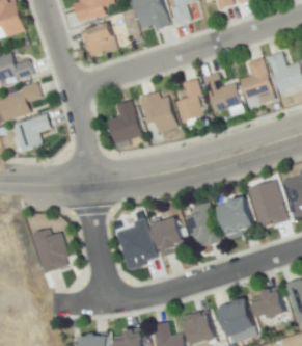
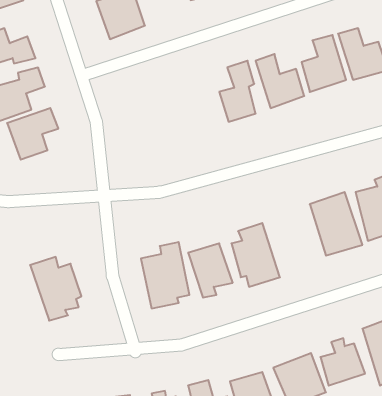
building: [139,91,179,133] -> none
building: [107,100,142,145] -> none
building: [216,197,256,240] -> none

